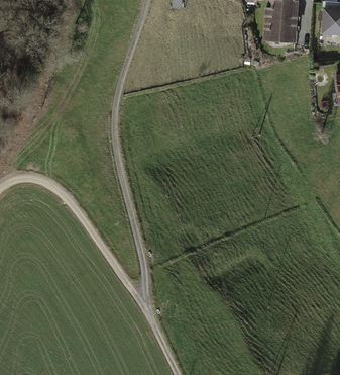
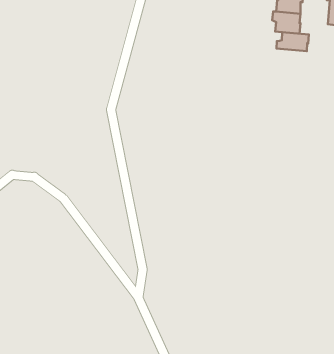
building: none -> [277,32,309,51]

